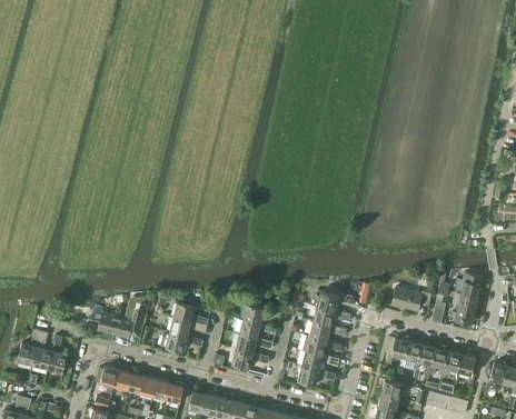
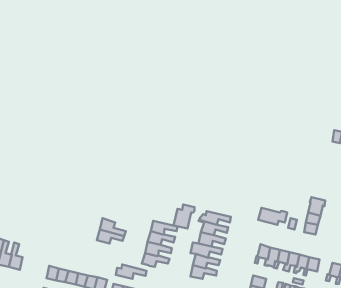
building: none -> [174,204,195,229]
building: [90,297,150,339] -> none
building: [160,331,202,351] -> [116,264,146,279]

